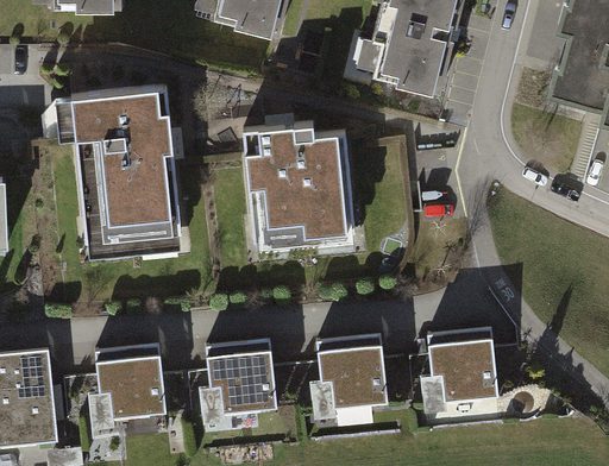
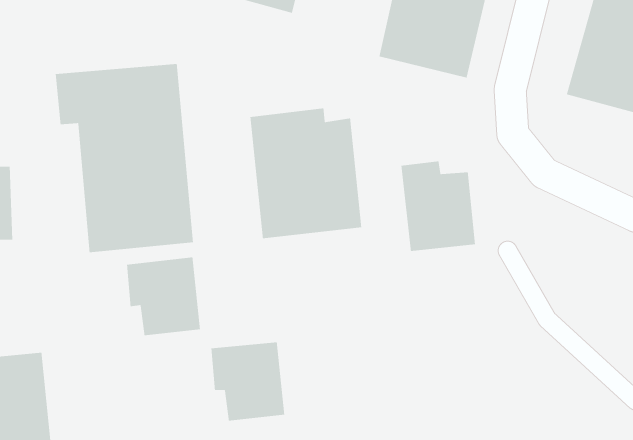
building: none -> [401,161,476,252]
building: [427,329,497,404] -> none
building: [315,335,385,410] -> none
building: [94,346,164,421] -> [126,256,201,336]

